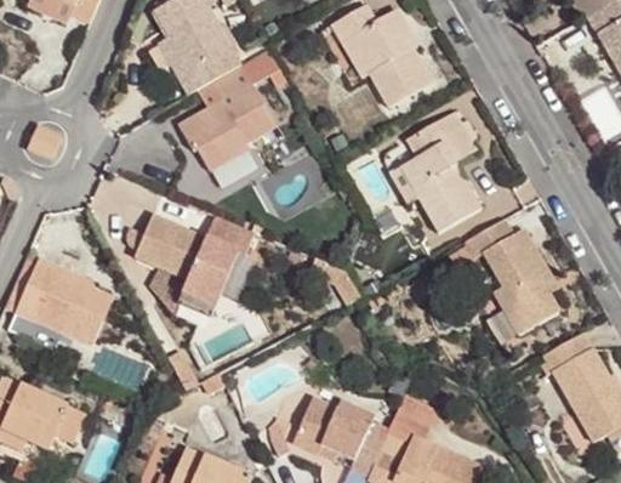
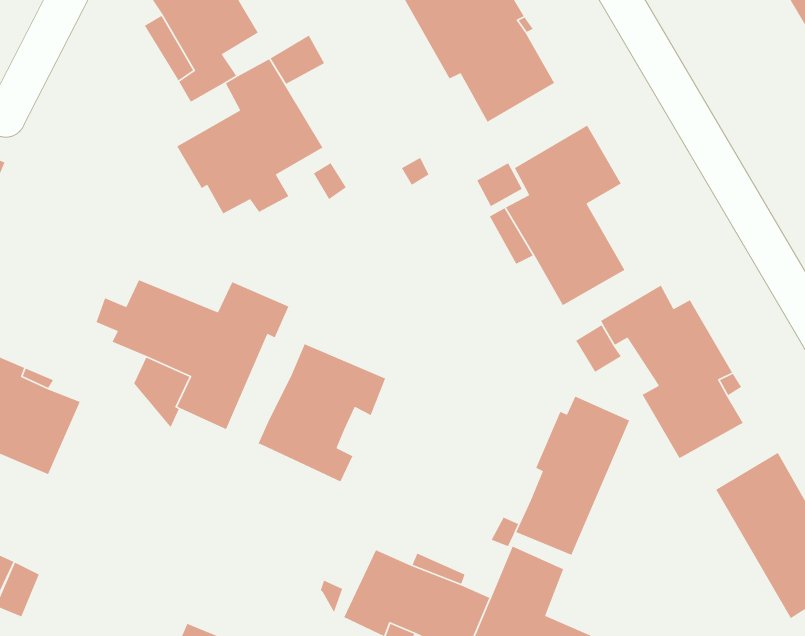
building: none -> [258,343,386,482]
building: none -> [515,396,630,556]

